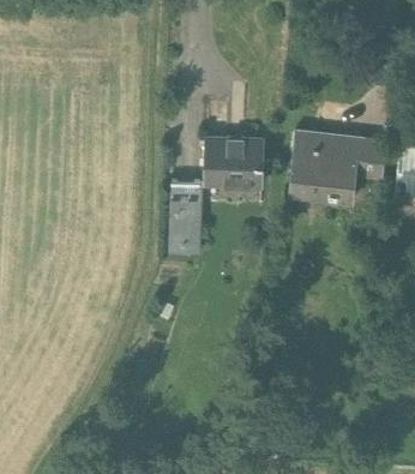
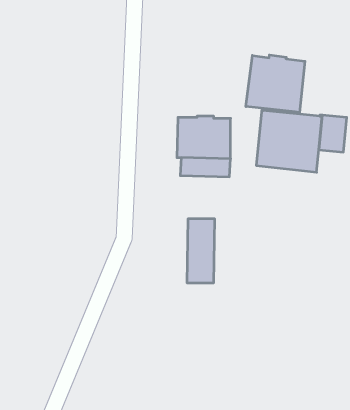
building: none -> [246,55,305,113]
building: [169,180,199,248] -> [187,219,215,283]

